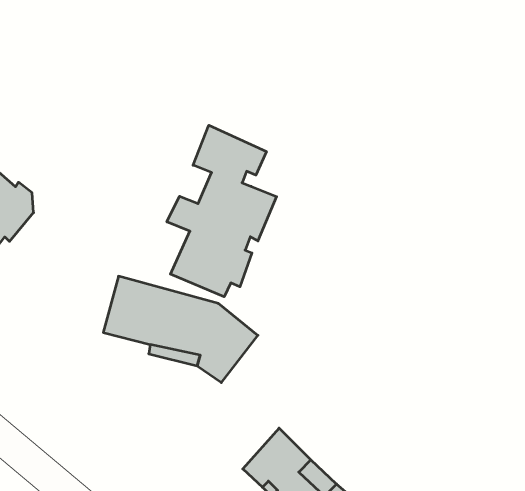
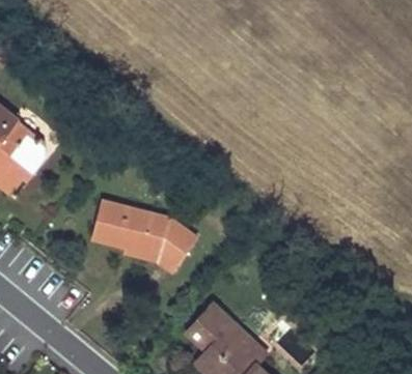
building: [167,125,277,297] -> none

